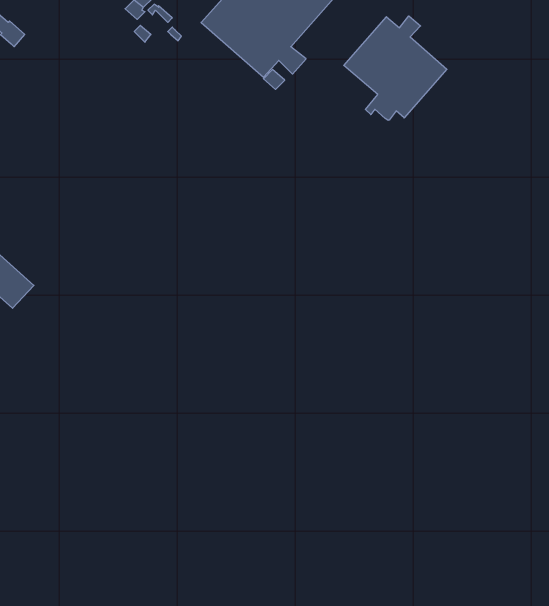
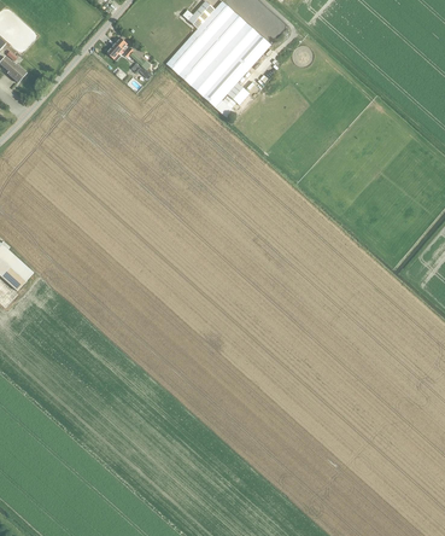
building: [344,16,447,120] -> none

